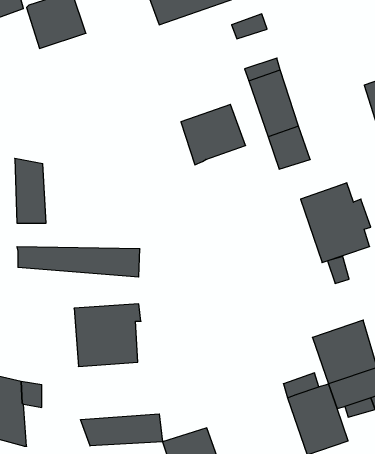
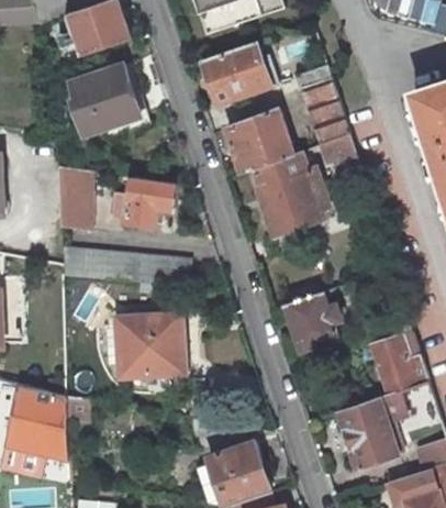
building: none -> [202,40,268,104]
building: none -> [69,64,137,134]
building: none -> [123,179,174,228]
building: [301,183,371,263] -> [252,152,323,233]
building: none -> [288,291,335,349]
building: [81,414,163,446] -> none

